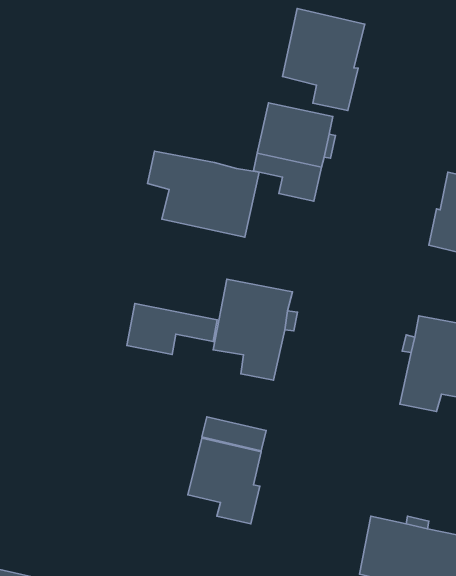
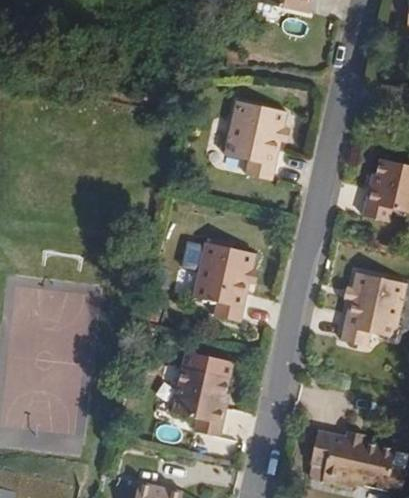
building: [282,9,365,110] -> none
building: [147,151,259,237] -> none
building: [127,304,217,354] -> none

